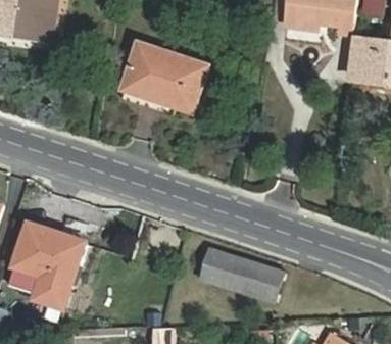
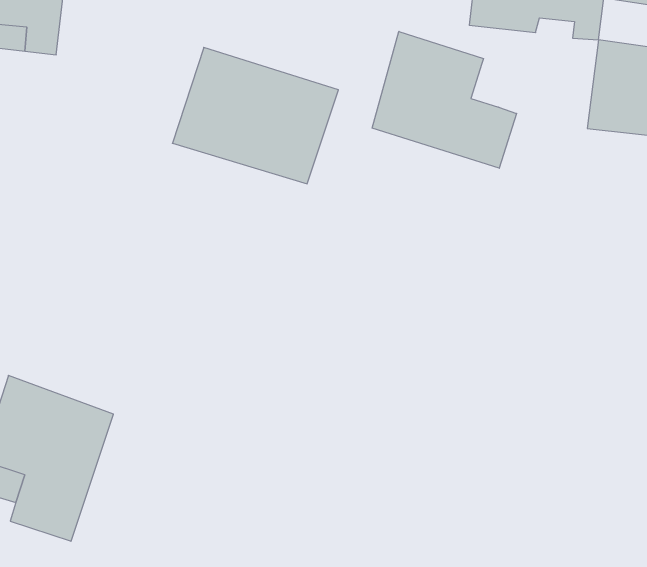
building: none -> [372,31,517,168]
building: [200,248,285,304] -> none

